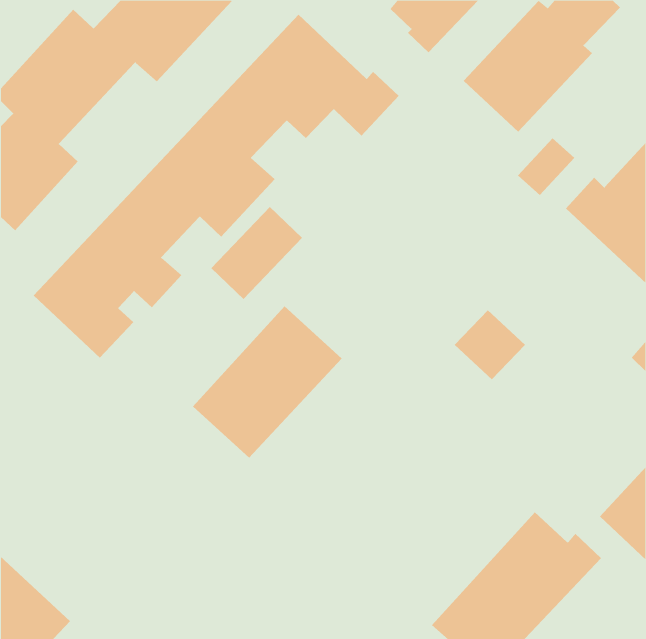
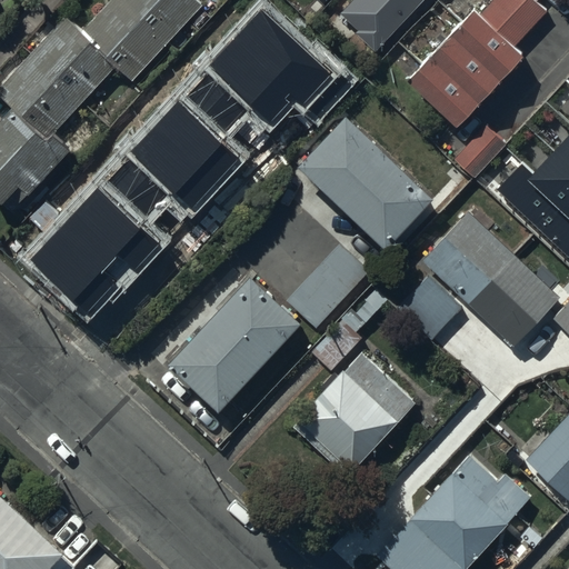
building: none -> [297,112,433,246]
building: [210,206,303,300] -> [288,246,369,328]
building: none -> [422,211,561,347]
building: none -> [295,352,416,476]

